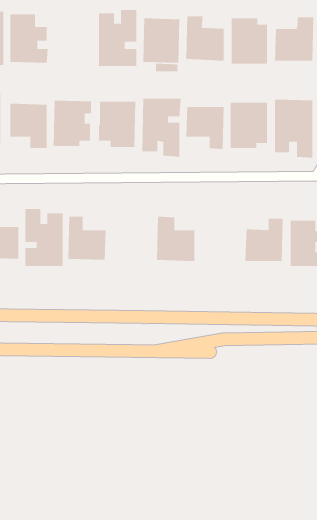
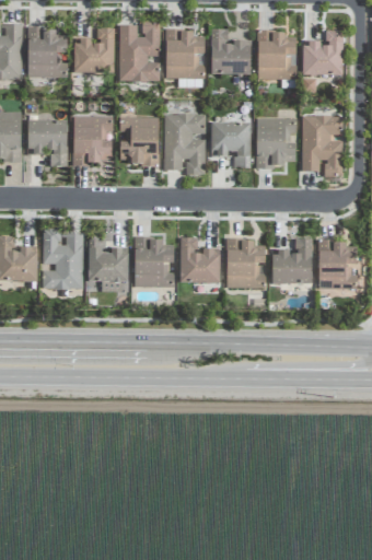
building: none -> [73,27,115,73]
building: none -> [133,237,174,287]
building: none -> [225,238,265,288]

